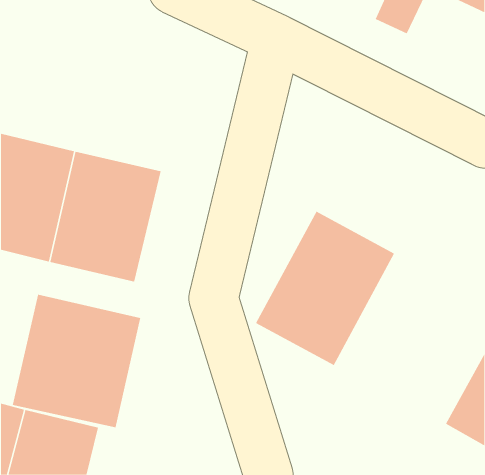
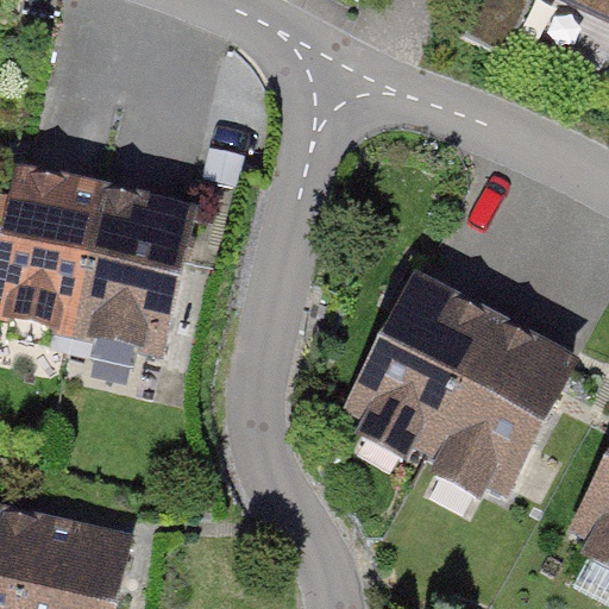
building: none -> [419,318,595,511]
building: [12,294,141,428] -> none

